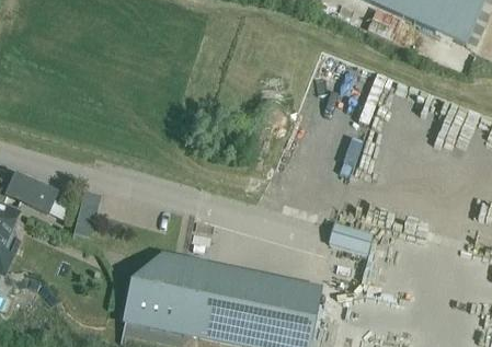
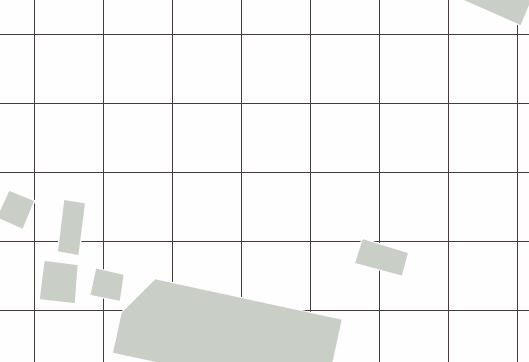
building: none -> [39,260,78,304]
building: none -> [90,268,124,302]

